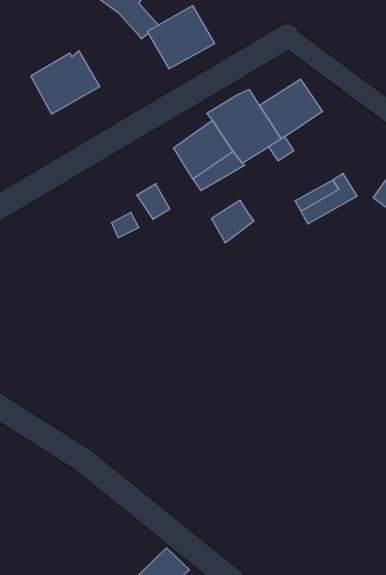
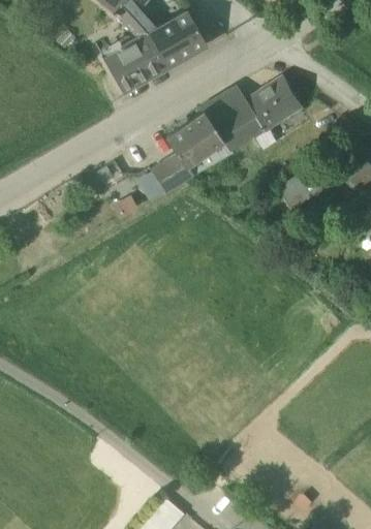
building: [31,51,100,114] -> [103,34,165,91]
building: [211,200,254,243] -> [154,154,192,192]

